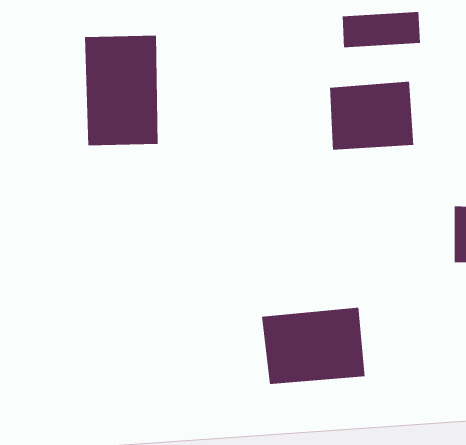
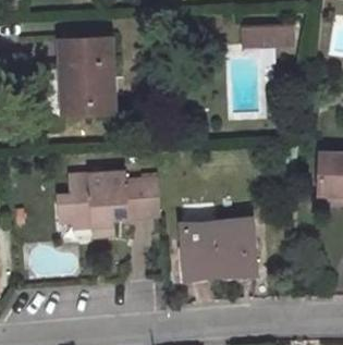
building: [330,81,414,150] -> none
building: none -> [58,173,160,237]

